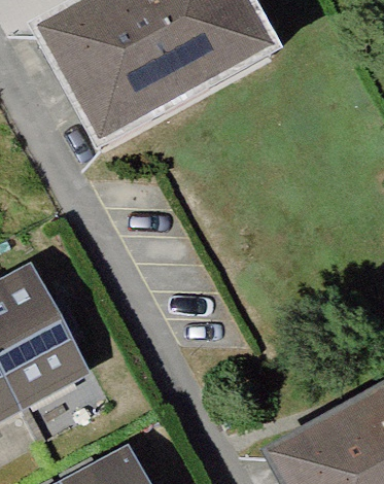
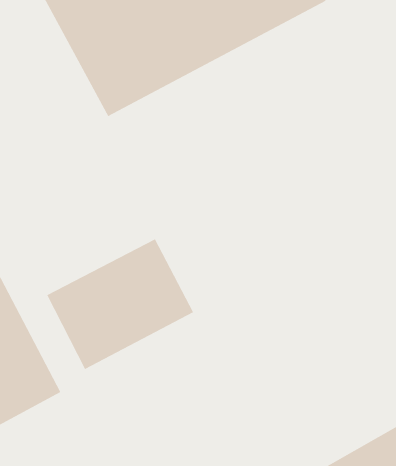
building: none -> [46,238,194,370]

